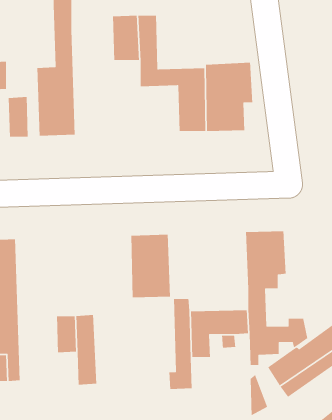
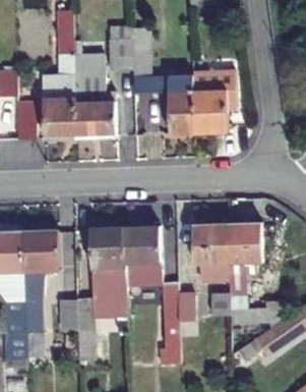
building: none -> [73,42,115,136]
building: none -> [193,222,229,274]
building: none -> [90,225,128,329]
building: none -> [23,227,59,354]

